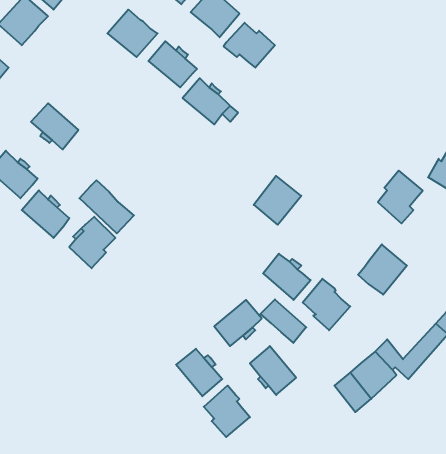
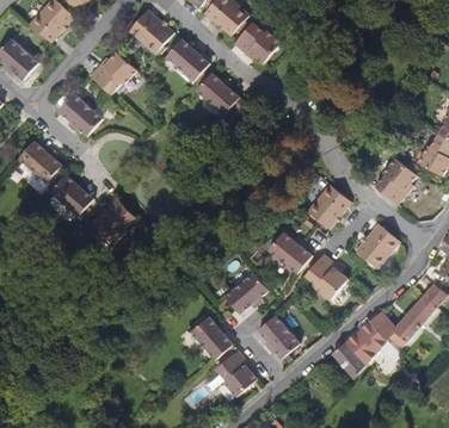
building: none -> [90,52,136,95]
building: [254,176,301,225] -> [307,184,350,228]
building: [79,180,134,233] -> none
building: [261,299,306,343] -> none

